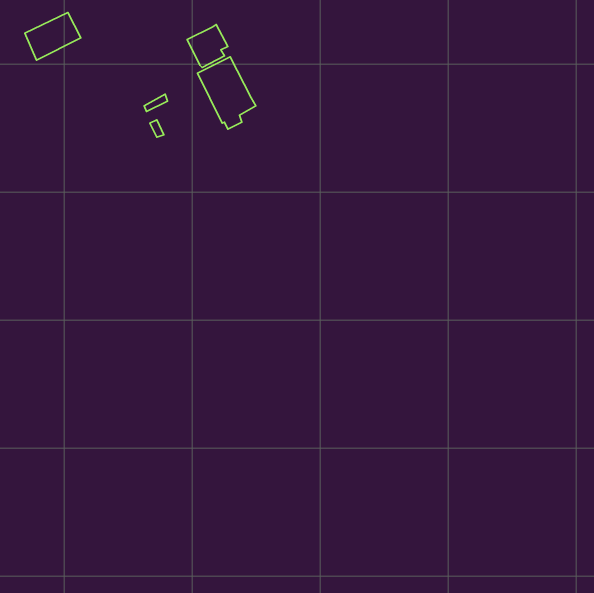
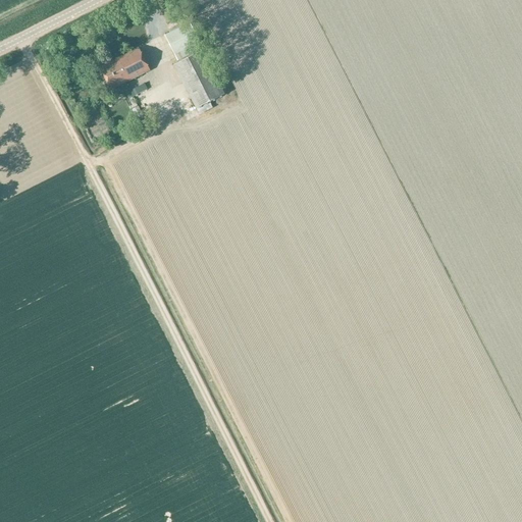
building: [25,12,81,60] -> [100,48,149,90]

